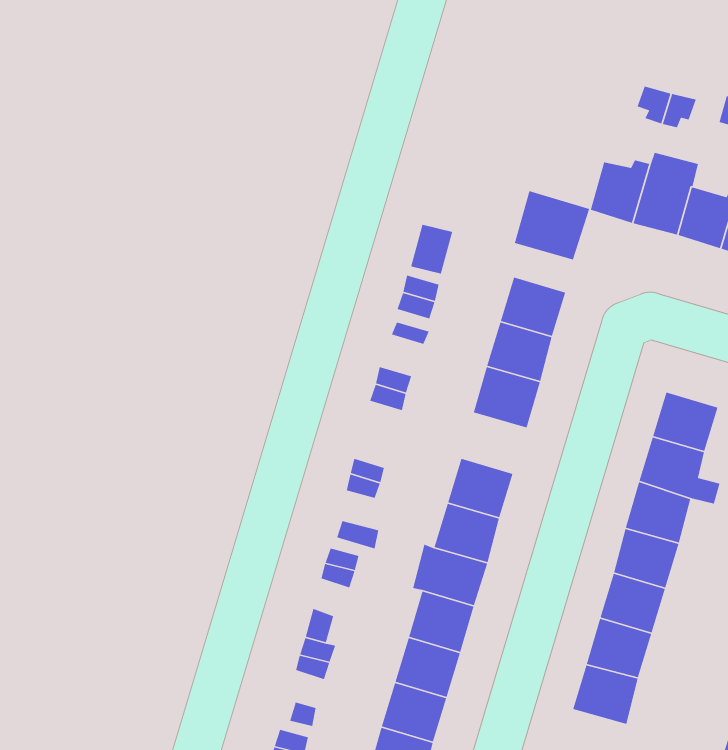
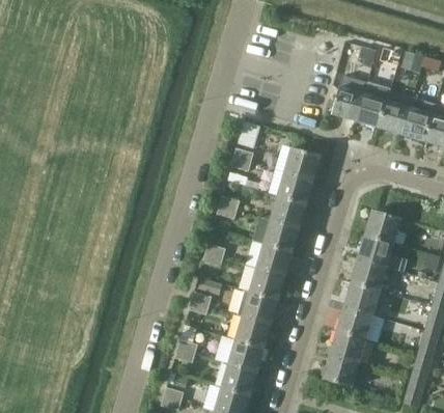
building: [514,190,590,260] -> none
building: none -> [263,221,299,253]

